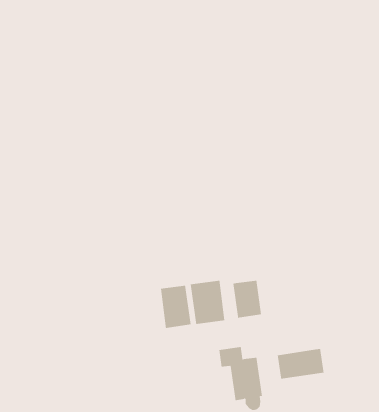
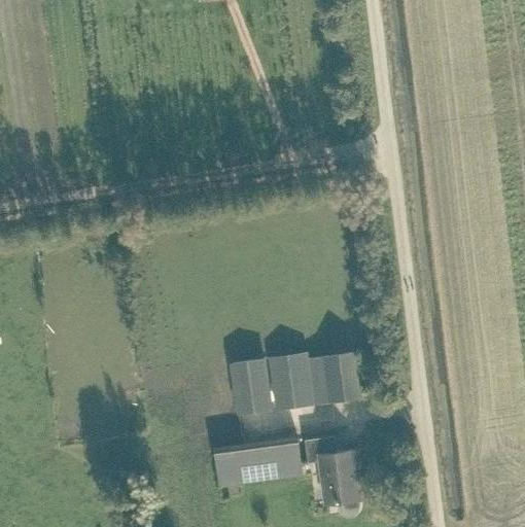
building: none -> [217,434,305,482]
building: [277,348,324,379] -> none

